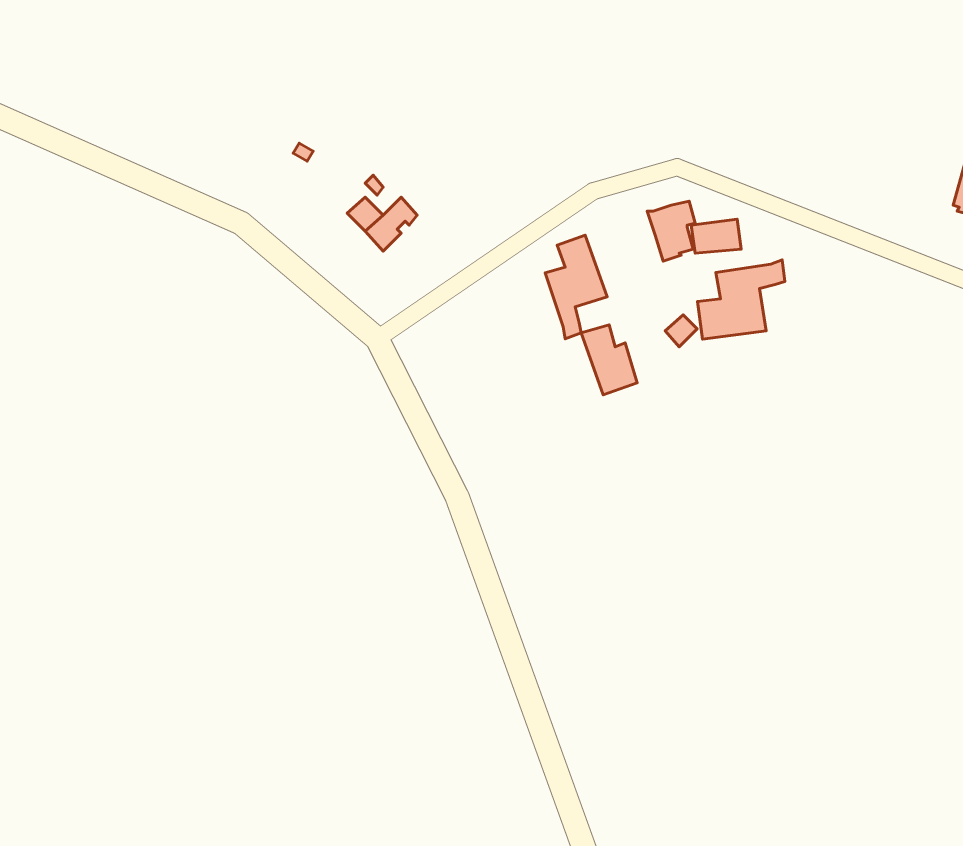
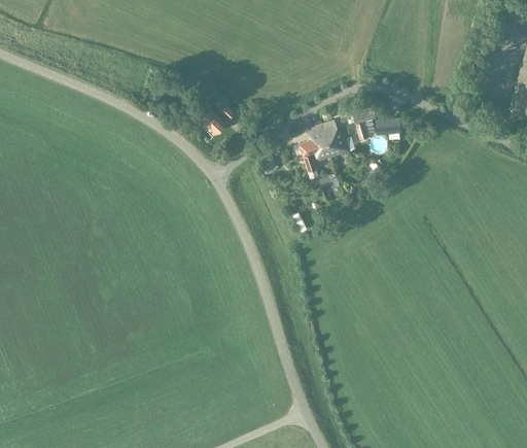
building: [698,260,785,339] -> none
building: [581,325,637,395] -> [324,120,353,157]

